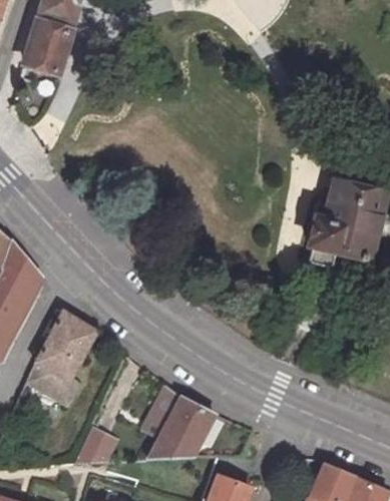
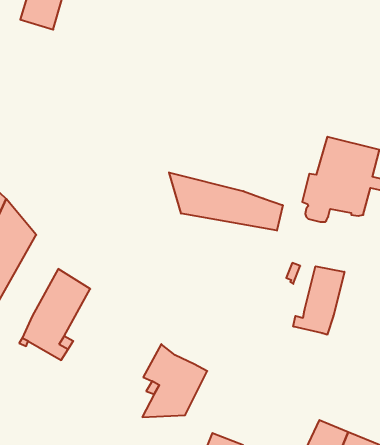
building: none -> [169,172,283,231]
building: none -> [293,266,344,335]
building: [74,428,116,464] -> none

